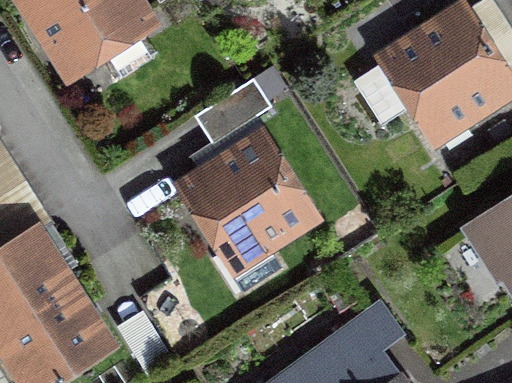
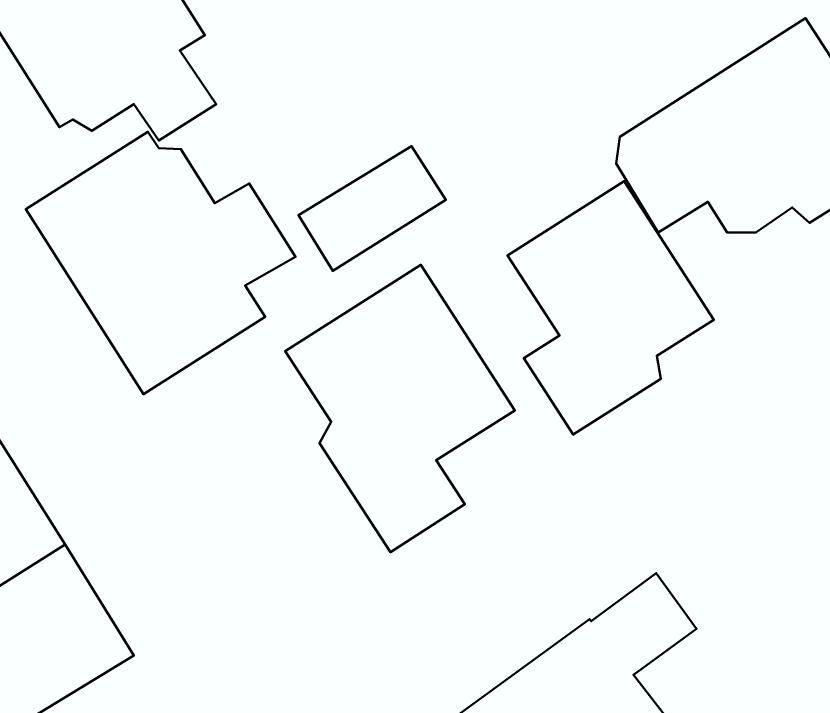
building: none -> [26,132,296,394]
building: none -> [508,181,714,435]

